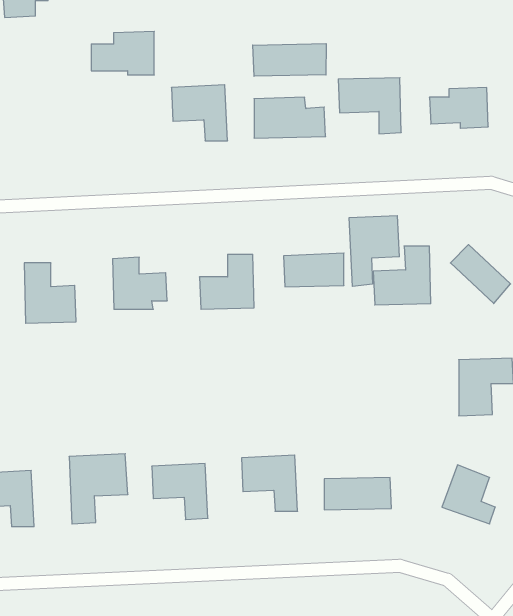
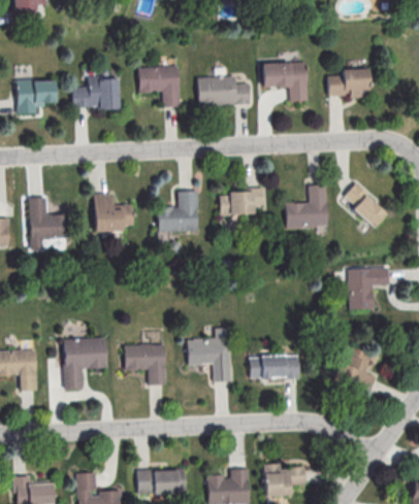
building: [91,31,154,75] -> [72,77,119,109]
building: [253,44,326,76] -> none
building: none -> [17,78,56,113]
building: [349,216,399,286] -> none

